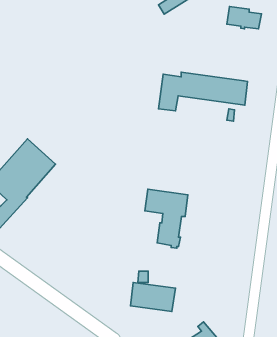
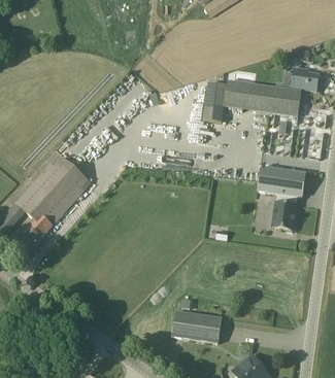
building: [227,6,261,29] -> [281,66,320,91]
building: [145,189,188,248] -> [258,167,305,232]

